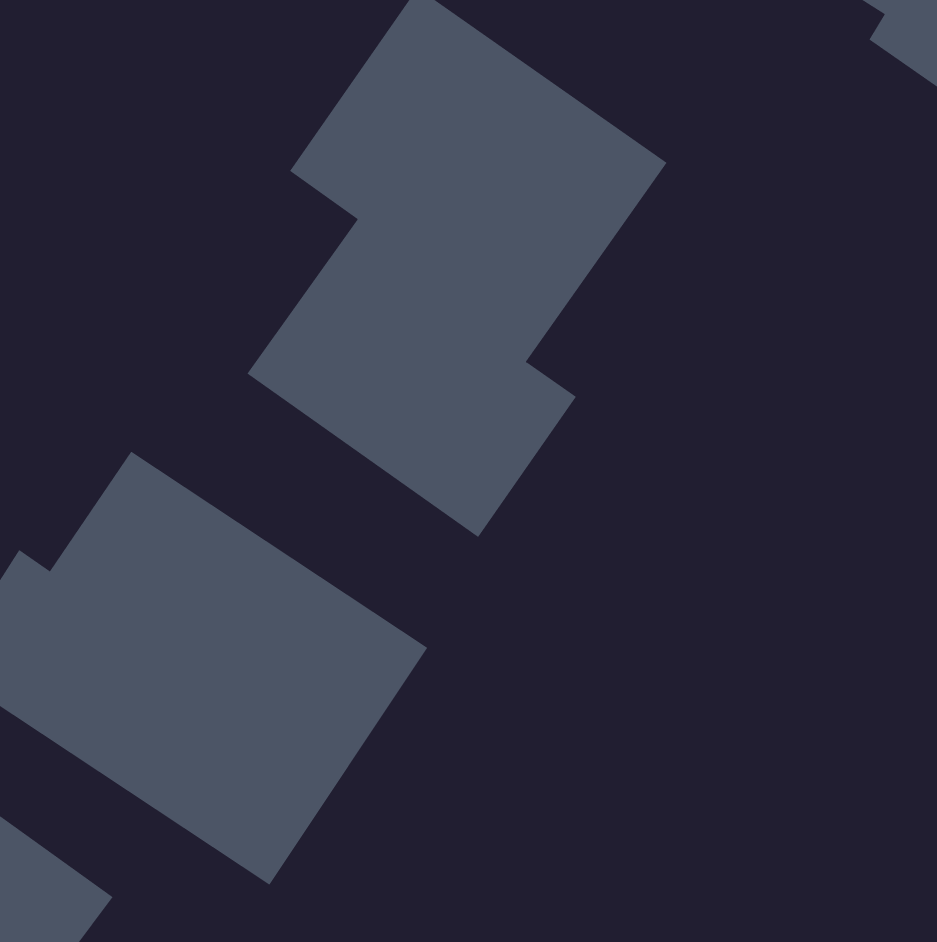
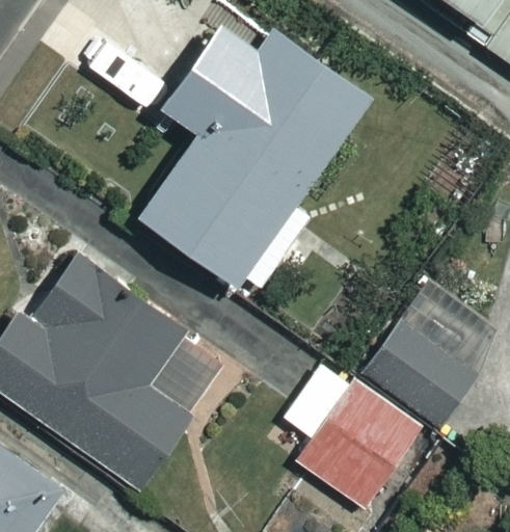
building: none -> [369,312,489,425]
building: none -> [252,354,428,514]

